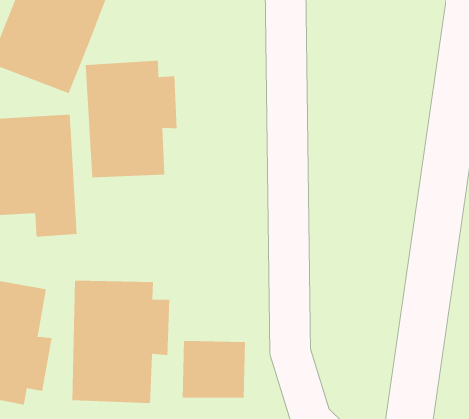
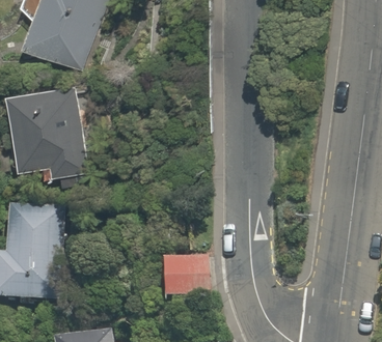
building: [85,60,177,178] -> none
building: [71,280,170,404] -> none

